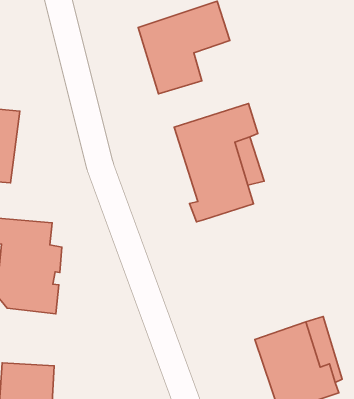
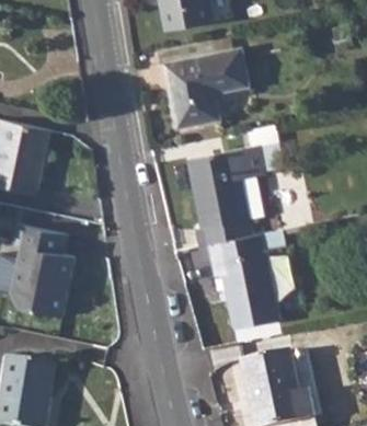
building: none -> [205,234,276,327]

